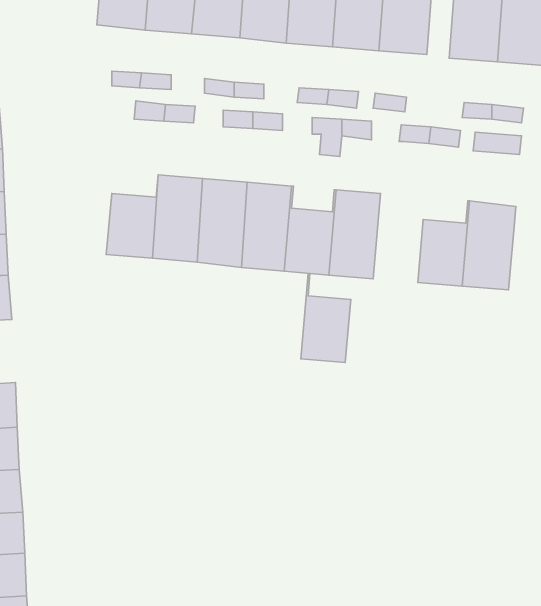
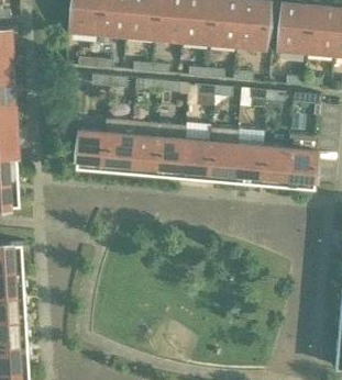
building: [301,273,351,362] -> [234,131,264,183]

